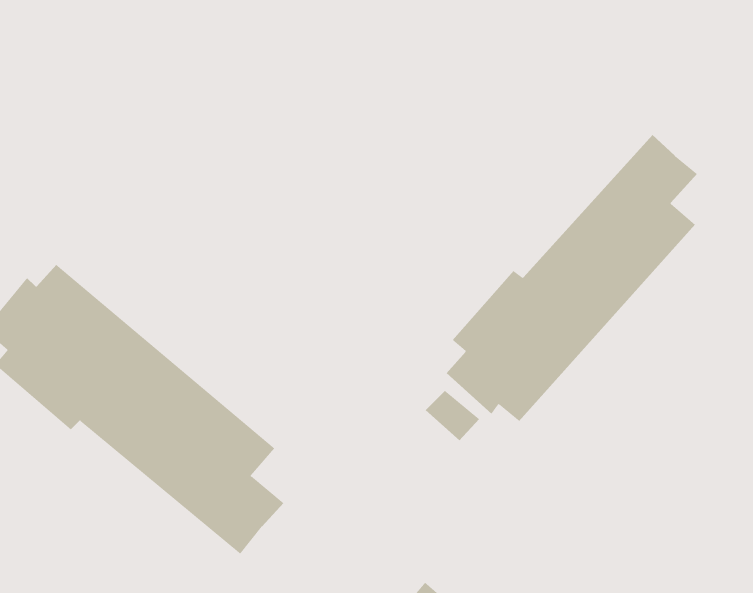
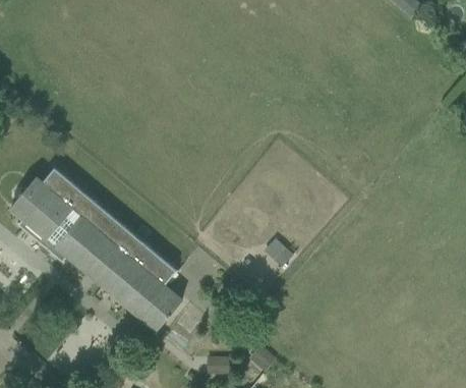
building: [446,134,698,422] -> none

